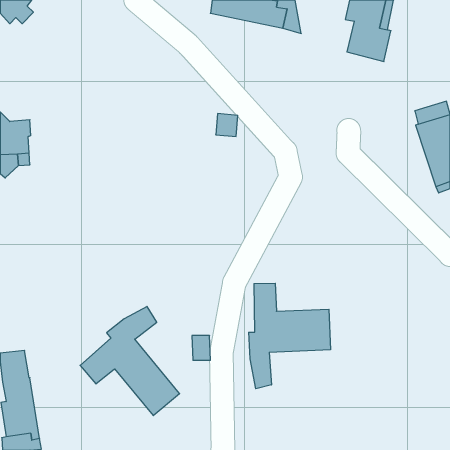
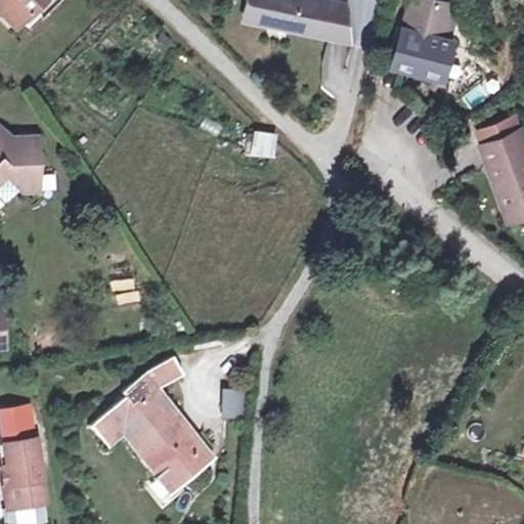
building: [249,283,330,389] -> none

